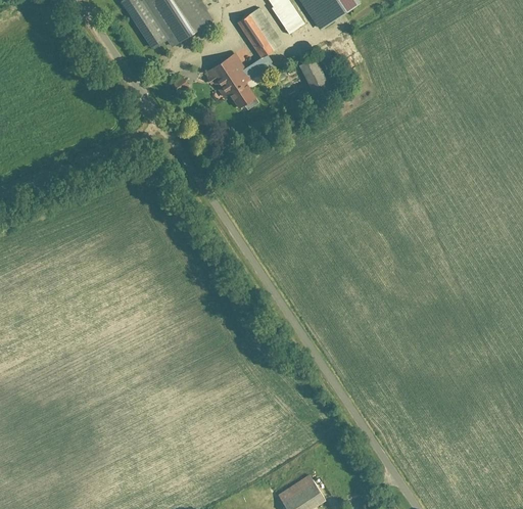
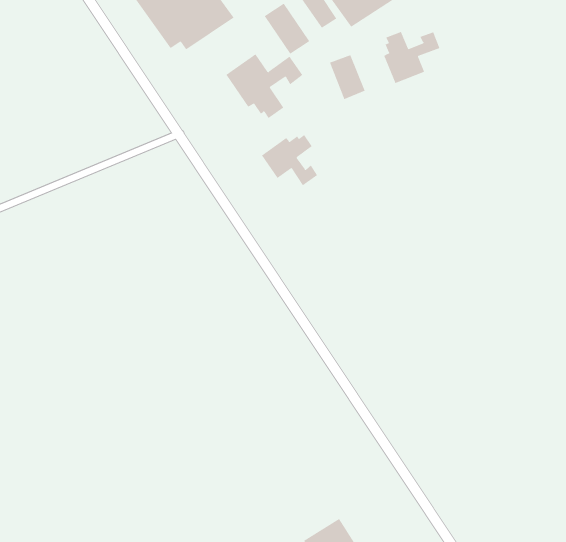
building: none -> [383,31,440,84]
building: none -> [261,134,318,186]

